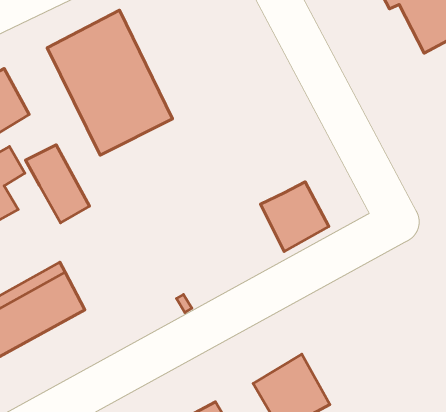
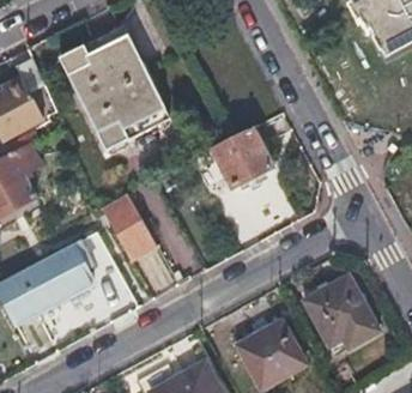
building: [26,145,90,223] -> [102,193,157,260]
building: [260,182,329,251] -> [212,127,271,187]
building: none -> [305,277,380,347]

